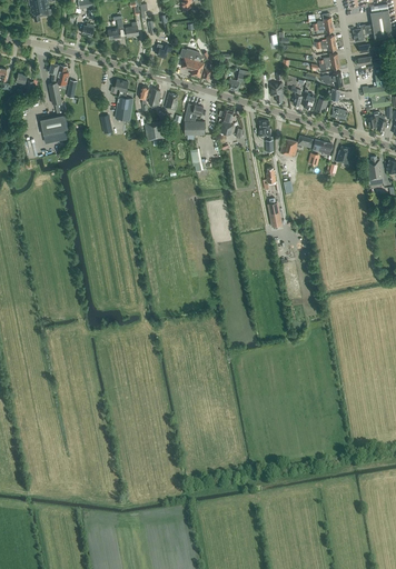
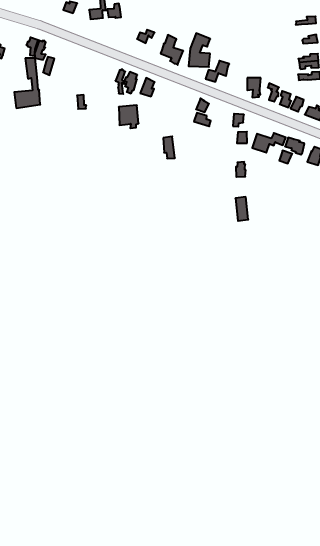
building: [115,79,132,120] -> none
building: [185,102,205,136] -> [189,33,210,67]

